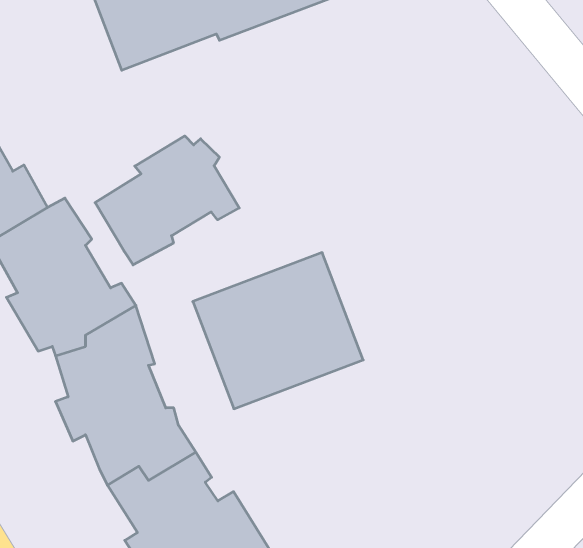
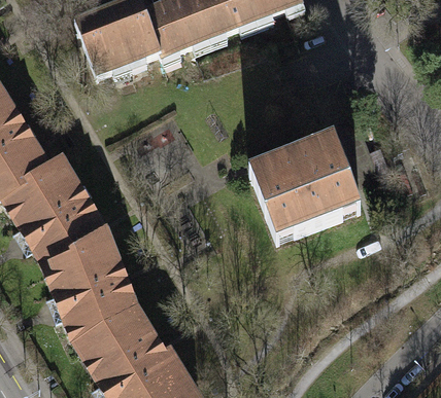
building: [95,136,239,265] -> none
building: [193,253,363,409] -> [248,135,360,237]

